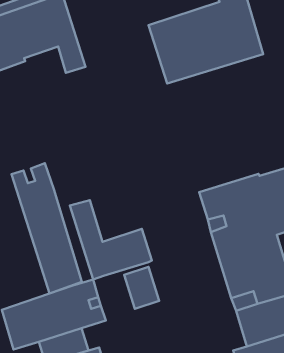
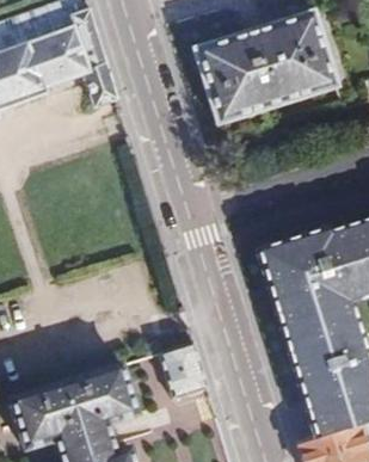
building: [11,163,82,293] -> none
building: [70,200,152,280] -> none

